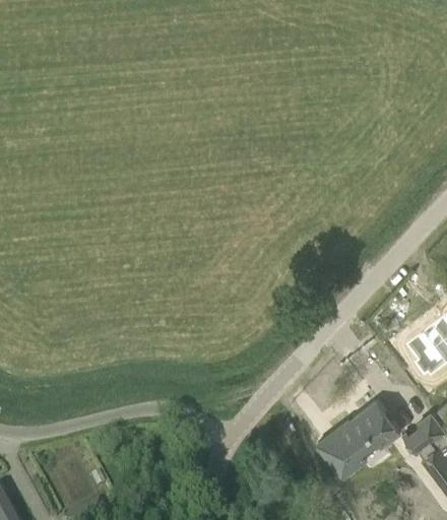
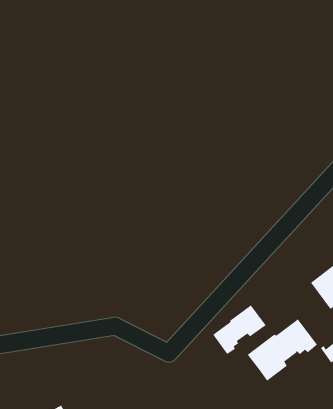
building: none -> [212,305,266,355]

